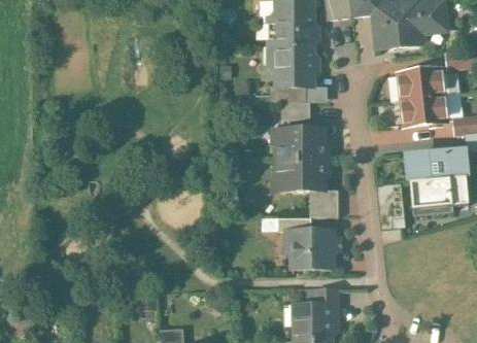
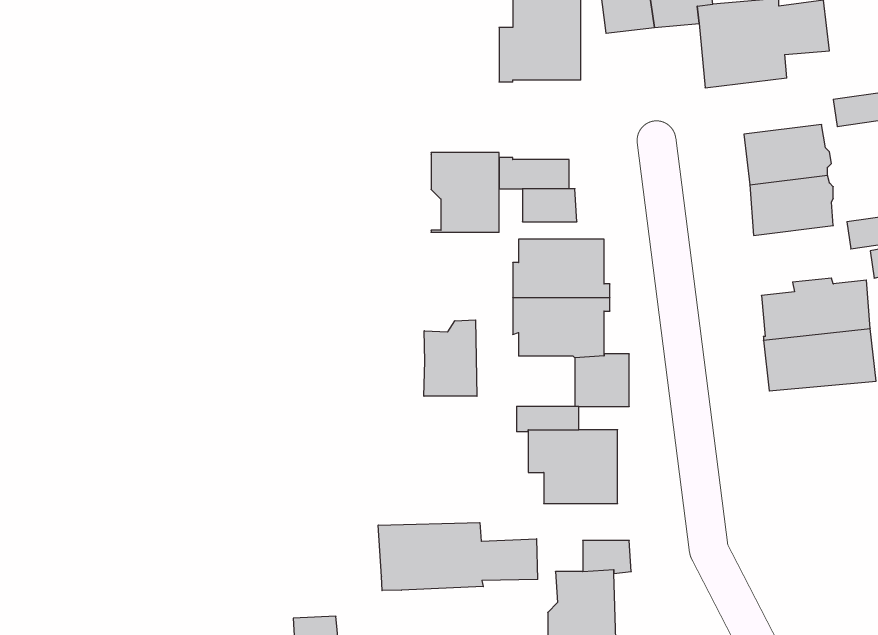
building: [276,44,312,87] -> [431,153,499,232]
building: none -> [424,320,477,396]
building: none -> [378,523,538,591]

